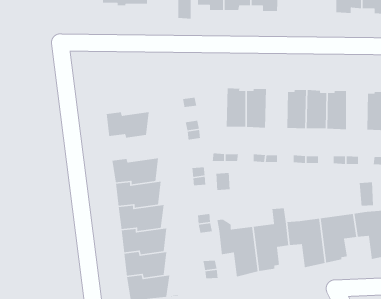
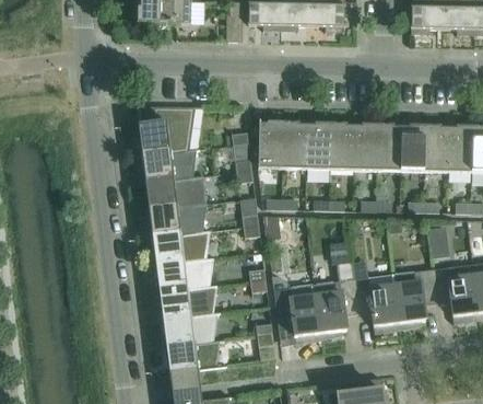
building: none -> [137,107,203,154]
building: none -> [258,120,284,169]
building: none -> [330,123,355,170]
building: none -> [425,125,449,172]
building: none -> [145,176,207,209]

